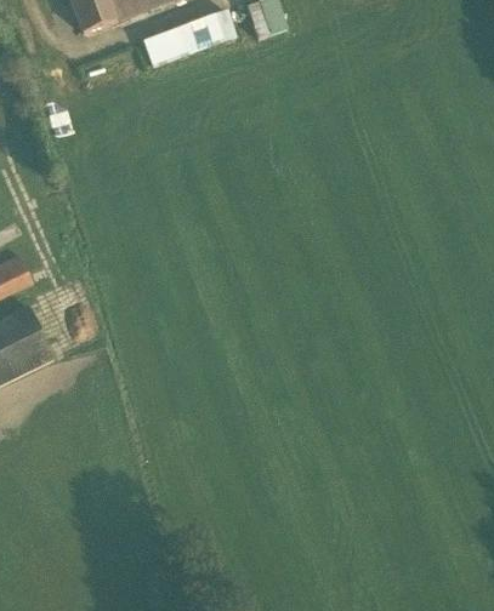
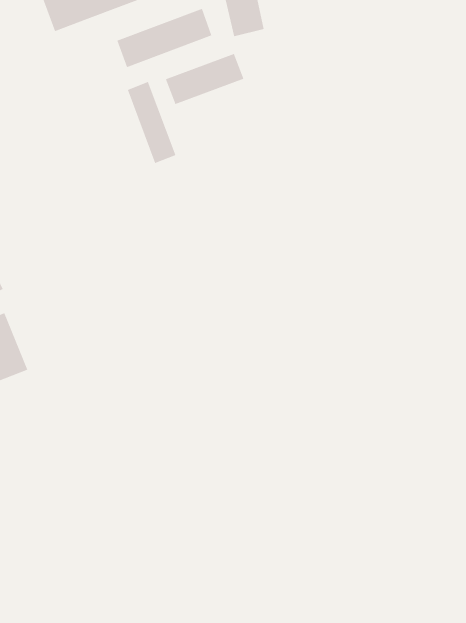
building: none -> [165,53,244,105]
building: none -> [127,81,176,164]

